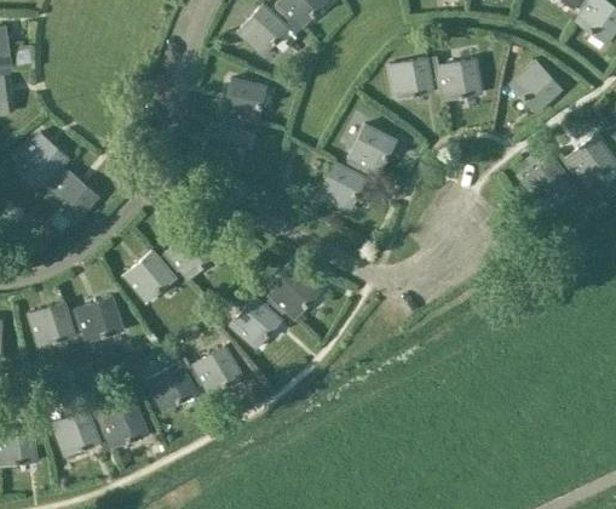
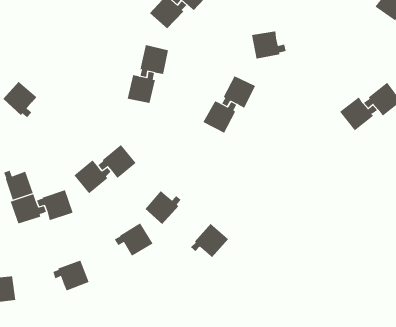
building: [428,58,482,102] -> none
building: [510,61,562,113] -> none
building: [46,166,98,223] -> none
building: none -> [3,170,33,201]
building: [263,268,321,320] -> [190,223,229,258]
building: [146,361,203,412] -> none
building: [52,410,108,457] -> none

